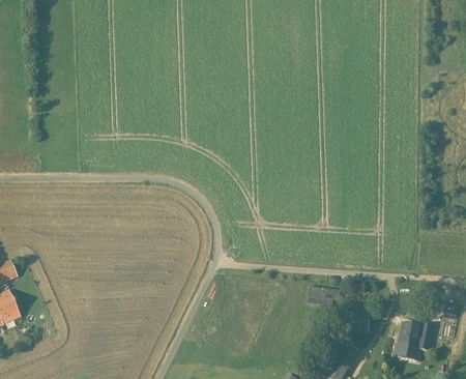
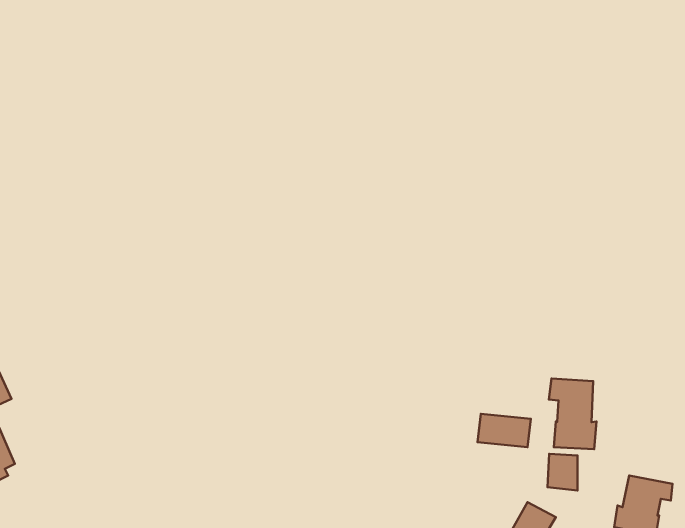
building: none -> [549,378,597,449]

